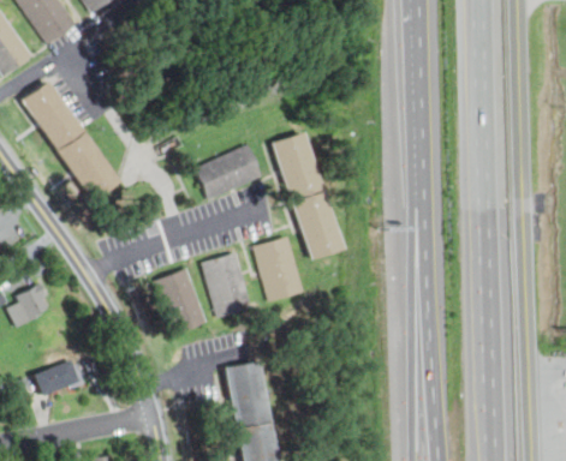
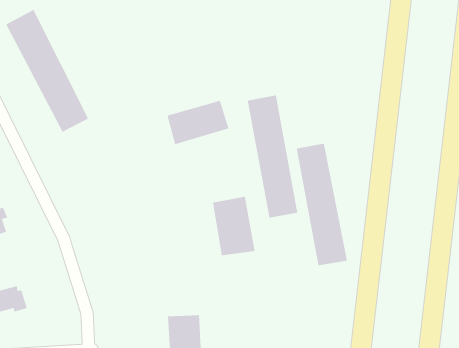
building: none -> [296,143,348,266]
building: [199,252,251,316] -> none
building: [154,269,207,334] -> none

